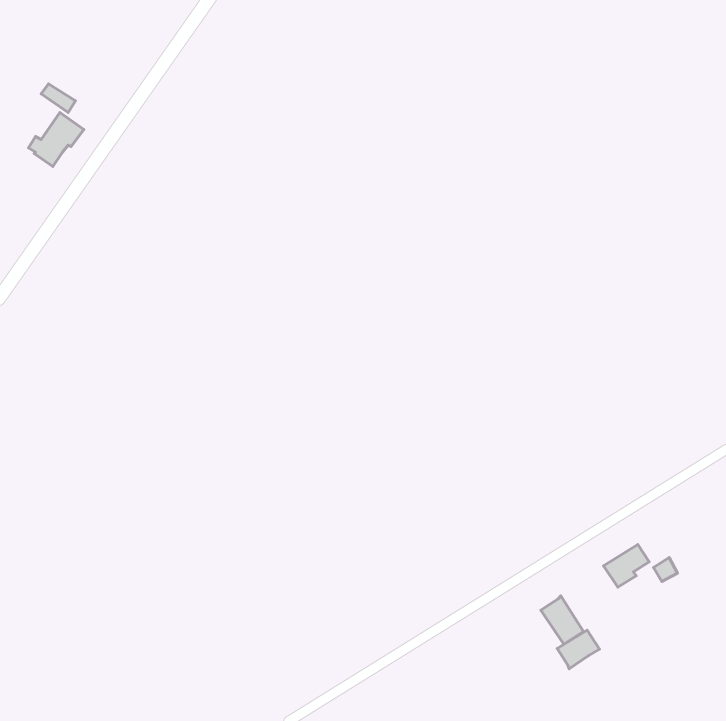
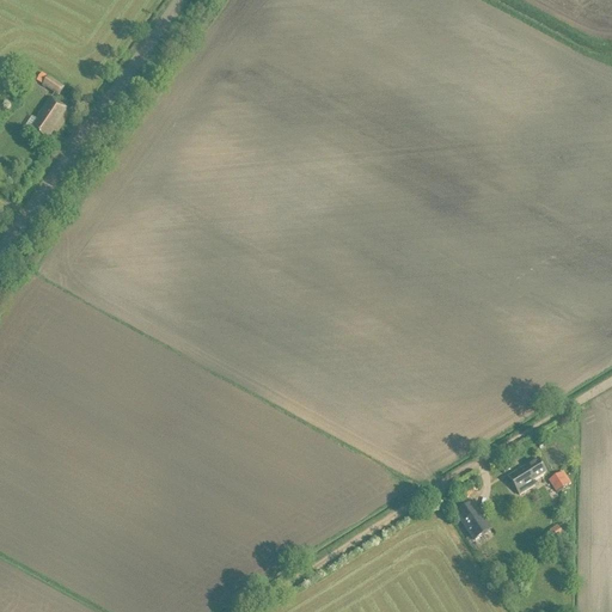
building: [557,630,599,669] -> none

